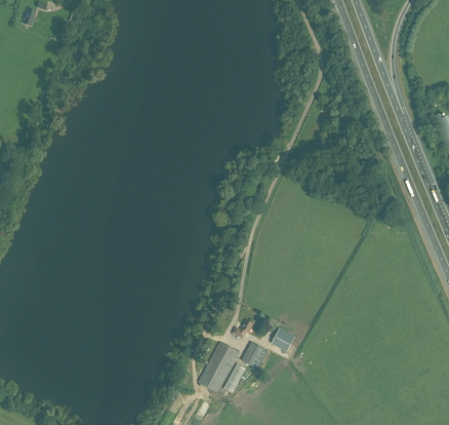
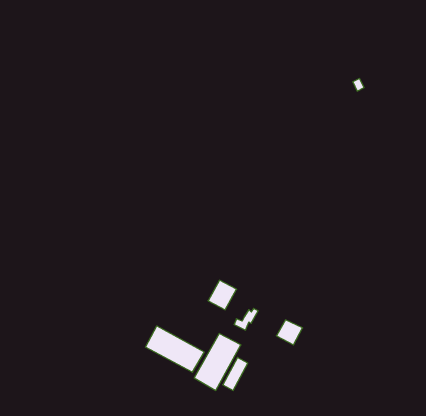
building: none -> [146,326,204,372]
building: [242,341,268,368] -> [208,280,237,310]

